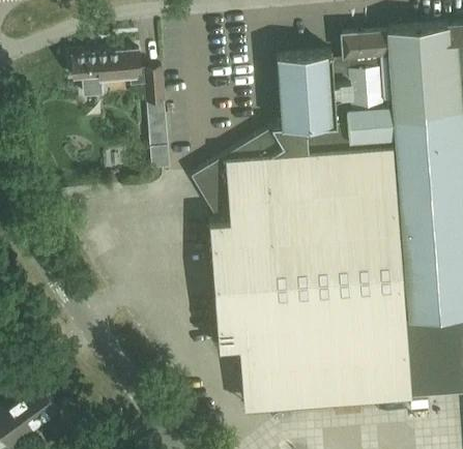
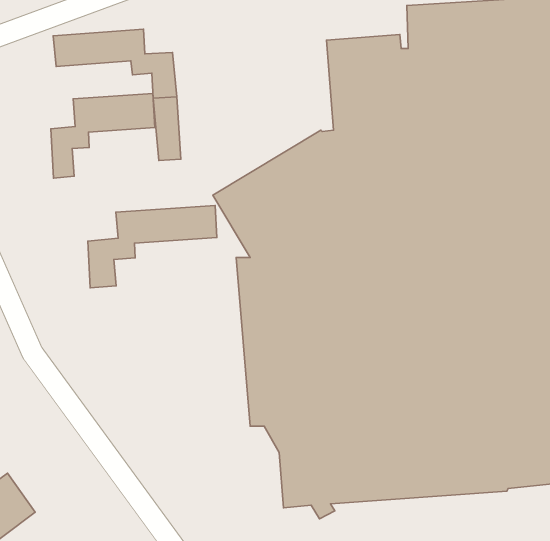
building: none -> [51,94,155,178]
building: none -> [88,205,217,288]

